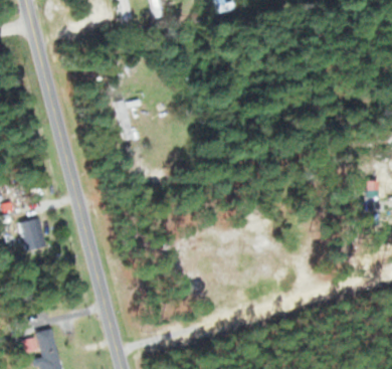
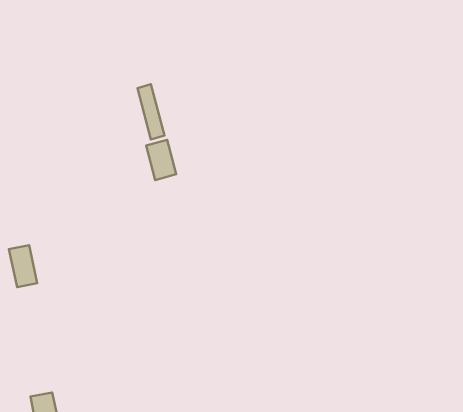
building: none -> [146,140,176,180]

